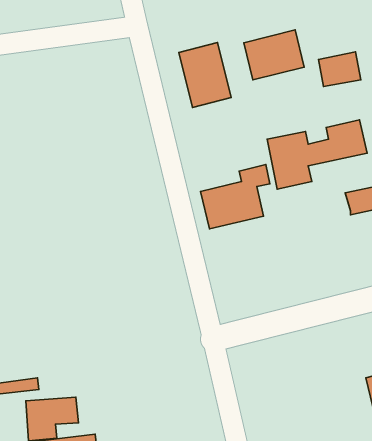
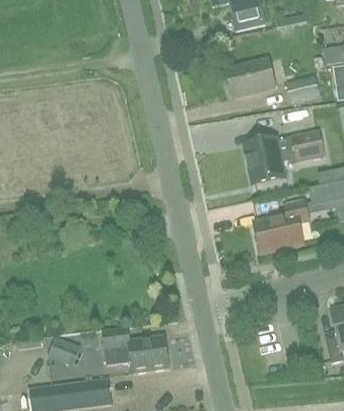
building: [179,42,231,107] -> none
building: [201,165,270,229] -> [253,201,307,252]
building: none -> [101,327,168,371]

